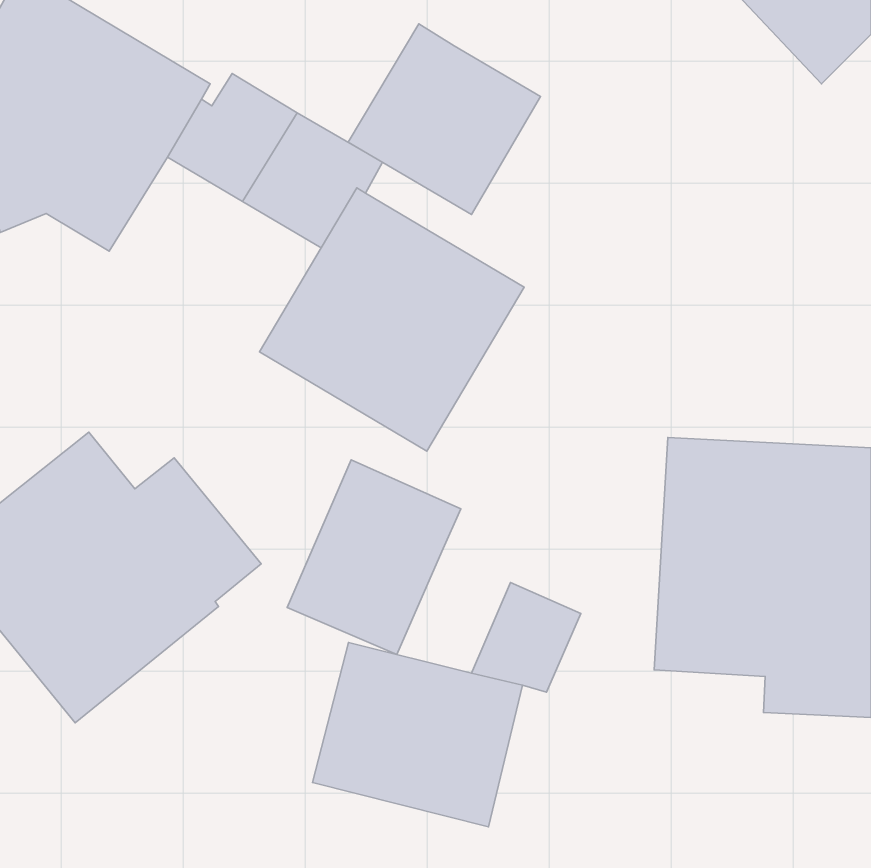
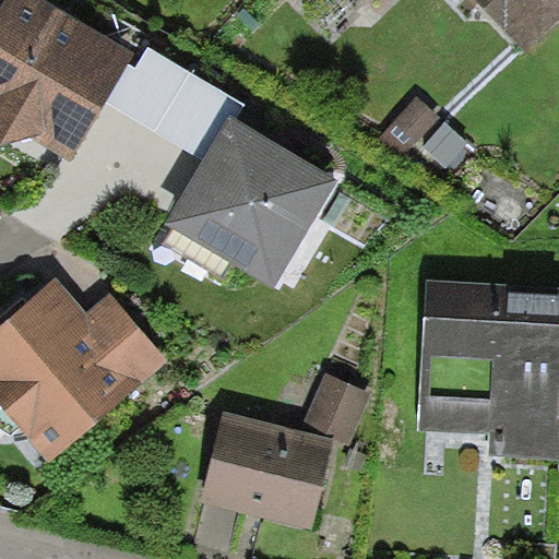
building: [348,24,540,215] -> none
building: [287,460,461,655] -> none

